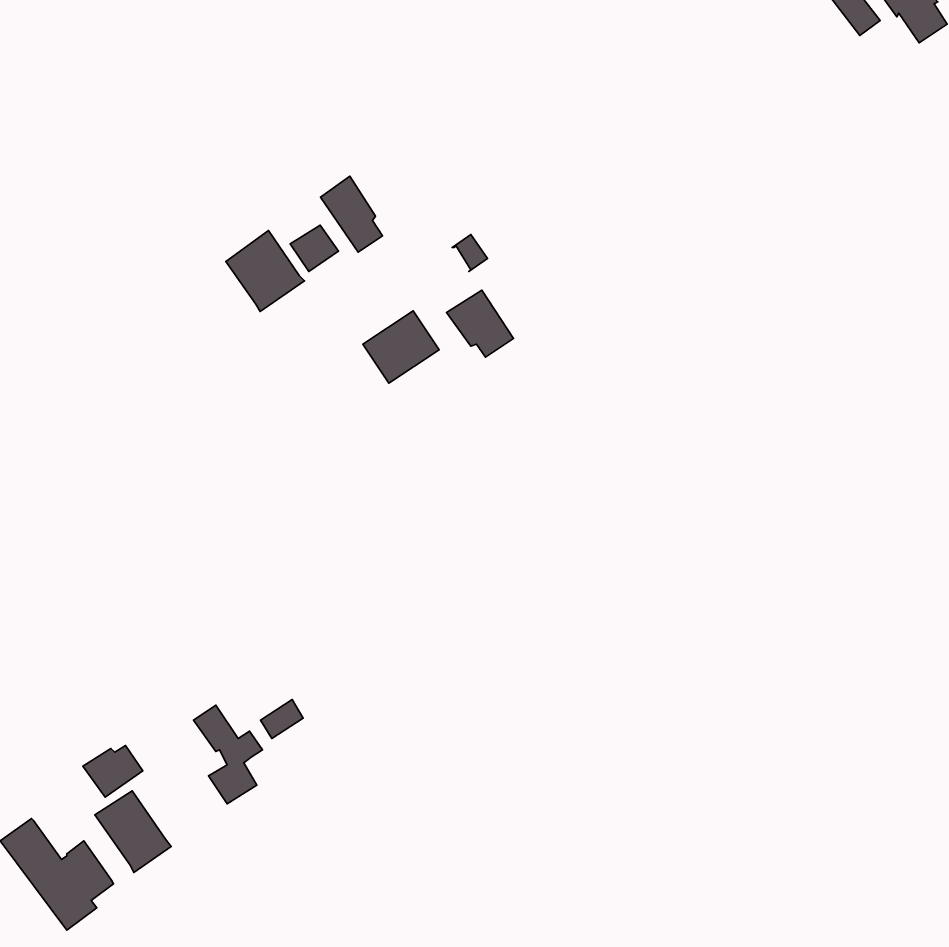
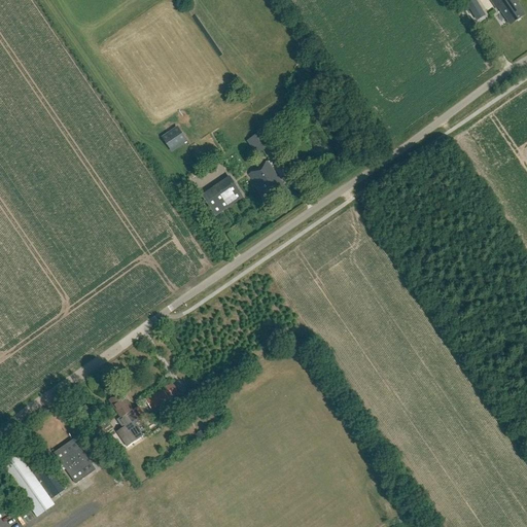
building: [320,176,382,252] -> none
building: [226,230,305,311] -> none
building: [83,745,143,797] -> none

